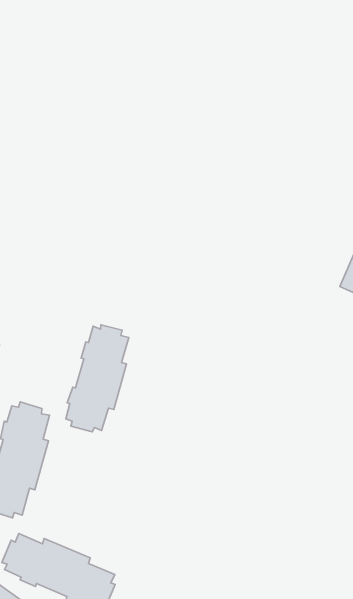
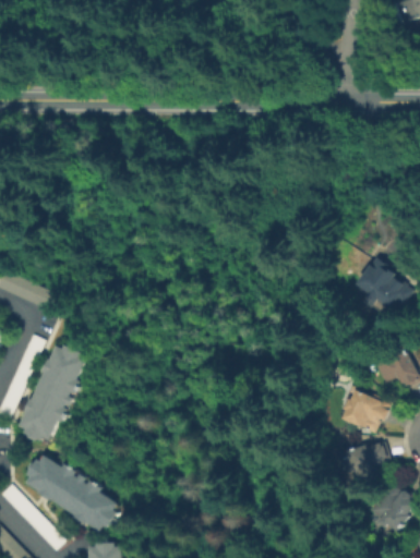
building: [66,325,129,432] -> none

